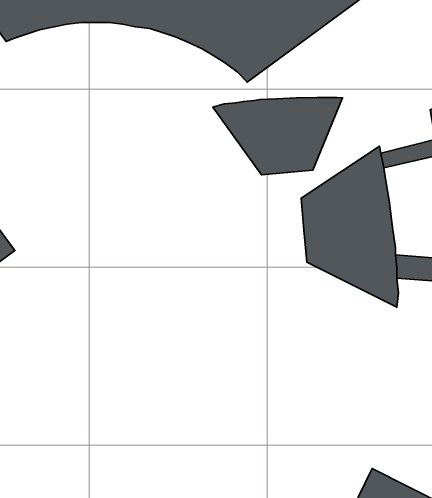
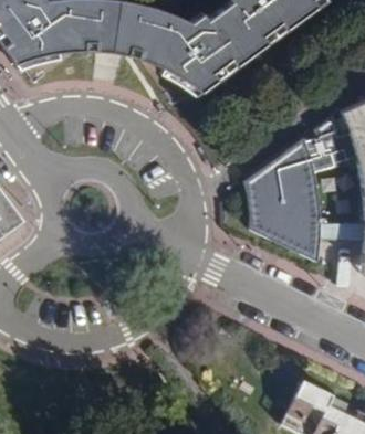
building: [213,97,343,175] -> none

